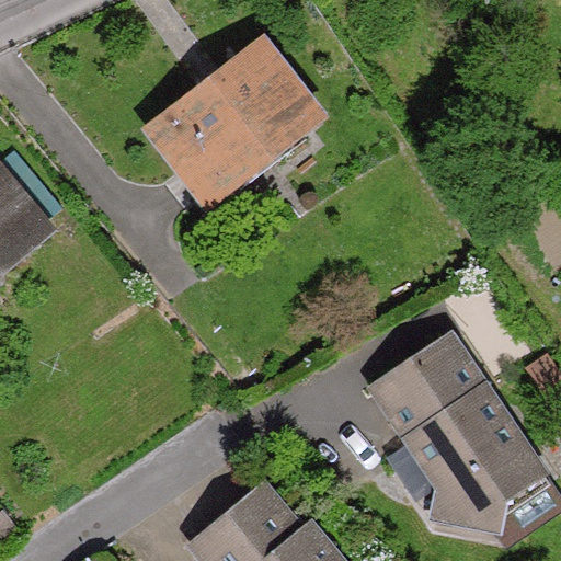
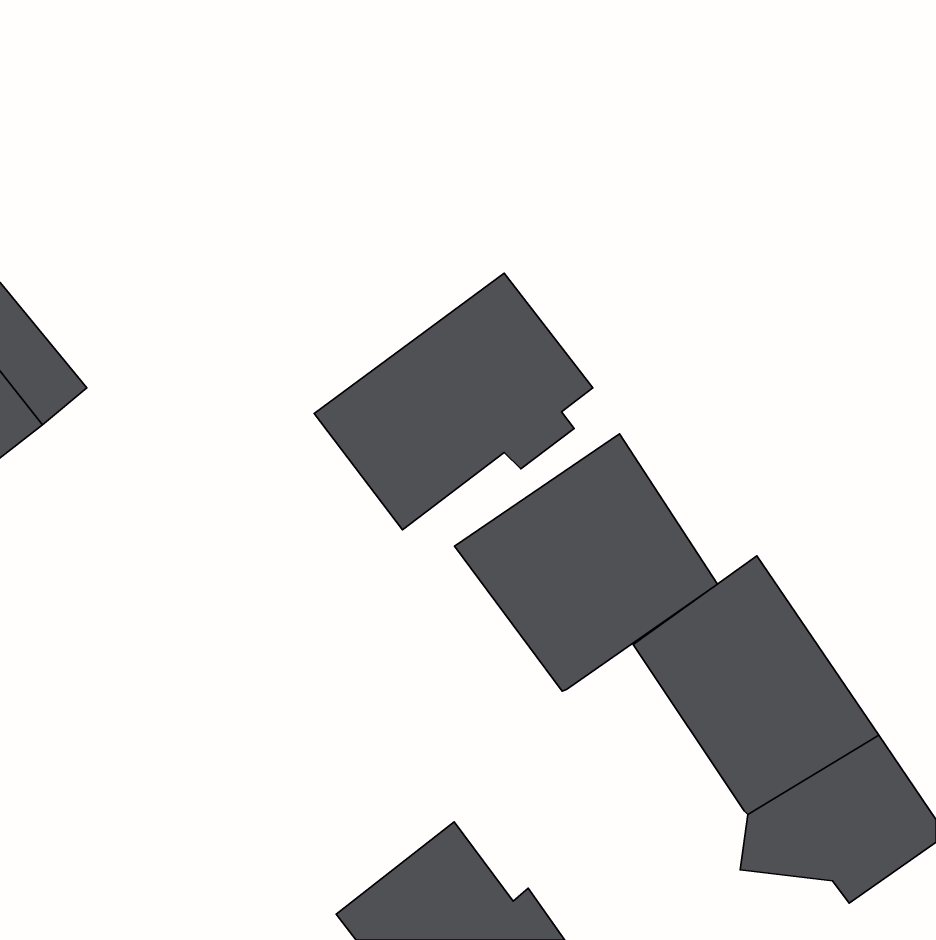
building: [150,48,316,201] -> [314,273,593,530]
building: none -> [454,434,717,691]

